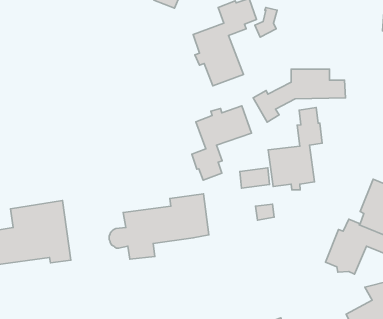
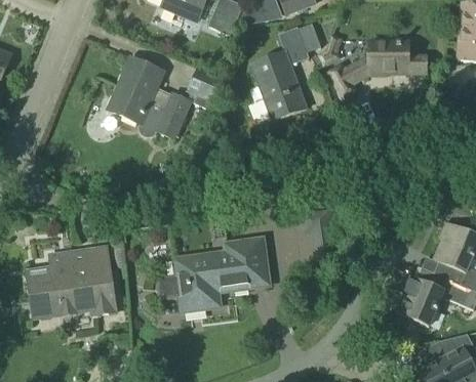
building: none -> [109,55,224,136]
building: [253,69,345,122] -> [327,40,429,98]
building: [192,106,252,180] -> none
building: [268,108,322,190] -> none

